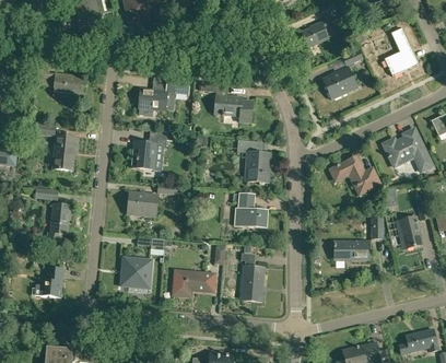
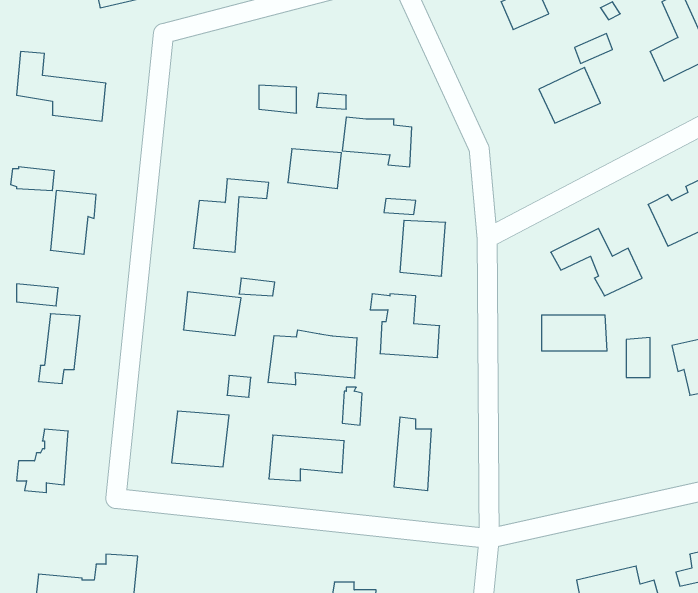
building: [139,89,168,110] -> [288,149,341,189]
building: none -> [268,330,357,385]
building: [333,241,369,260] -> [542,315,607,351]

